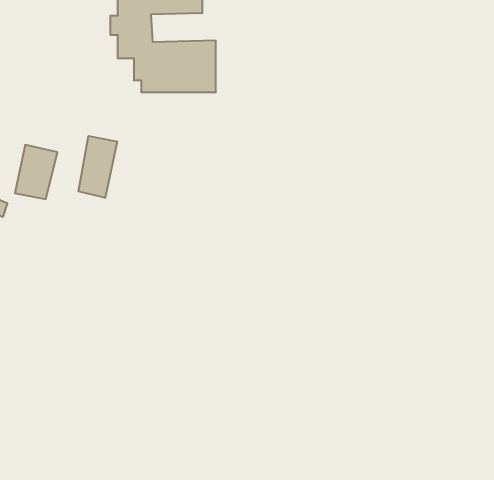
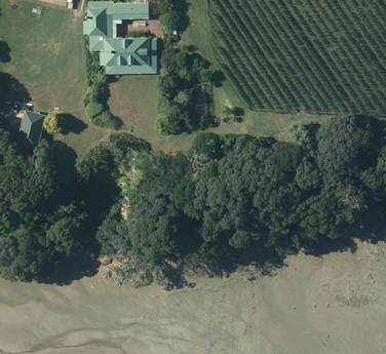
building: [78,136,117,198] -> none

